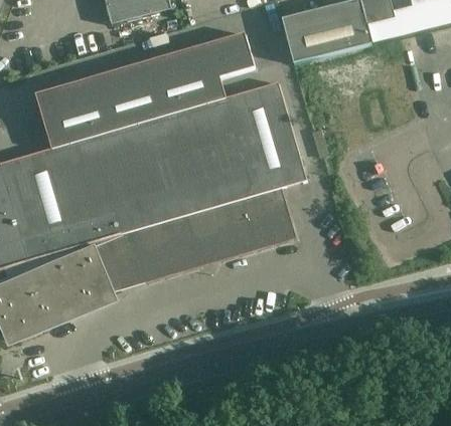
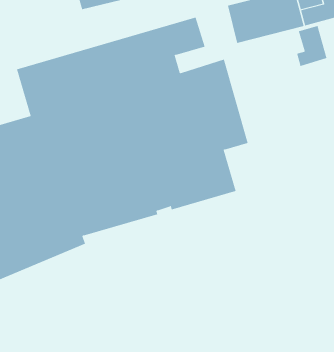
building: none -> [297,25,327,67]

